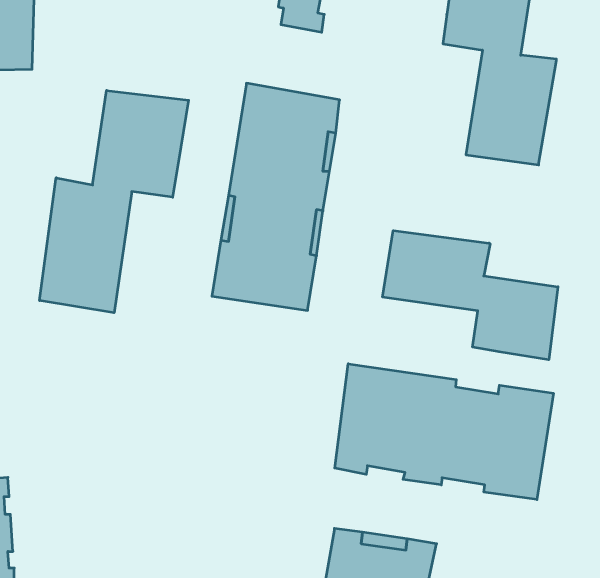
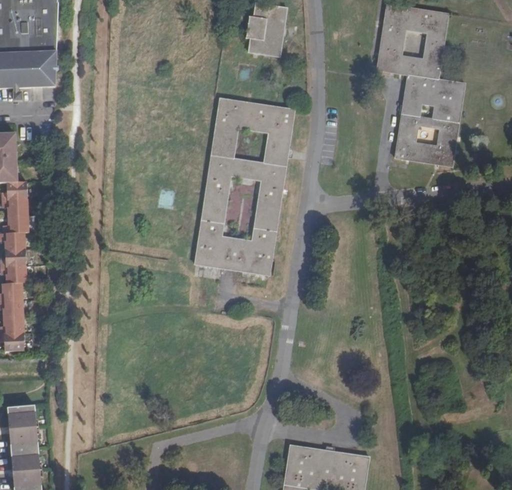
building: [40,90,189,313] -> none
building: [383,231,558,360] -> none
building: [335,364,553,500] -> none

